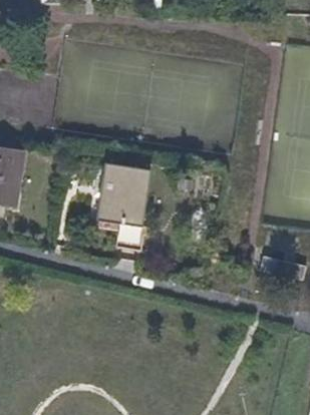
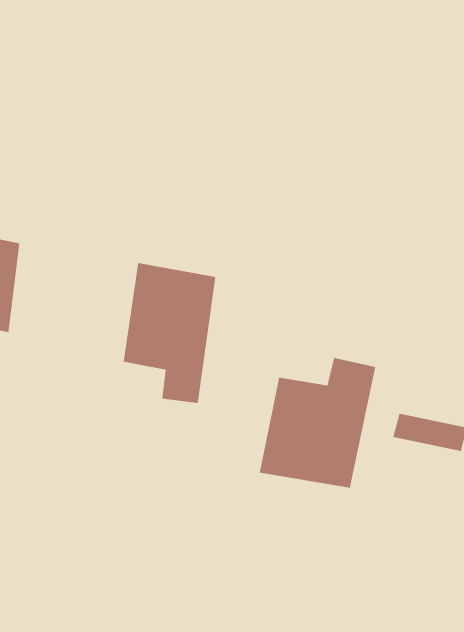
building: none -> [259,357,376,489]

